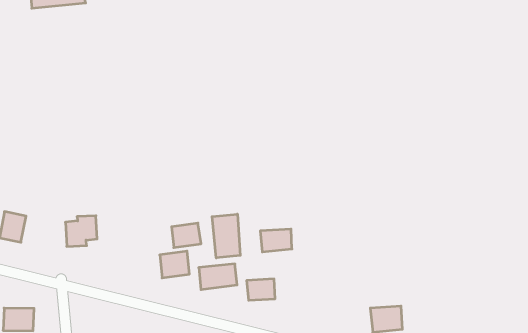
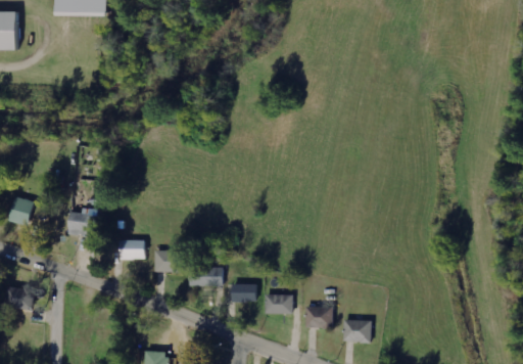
building: [212,214,240,258] -> none
building: [172,223,201,248] -> [121,238,146,259]
building: [260,229,292,252] -> [265,293,293,313]
building: none -> [305,306,332,327]

